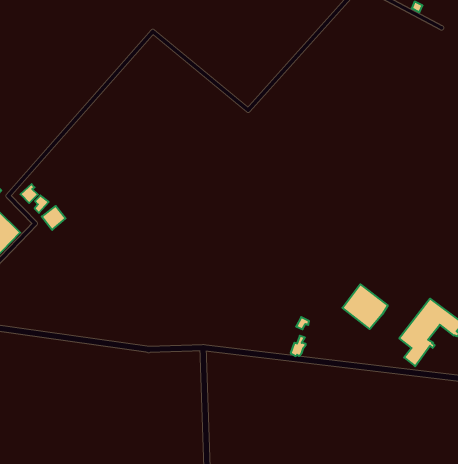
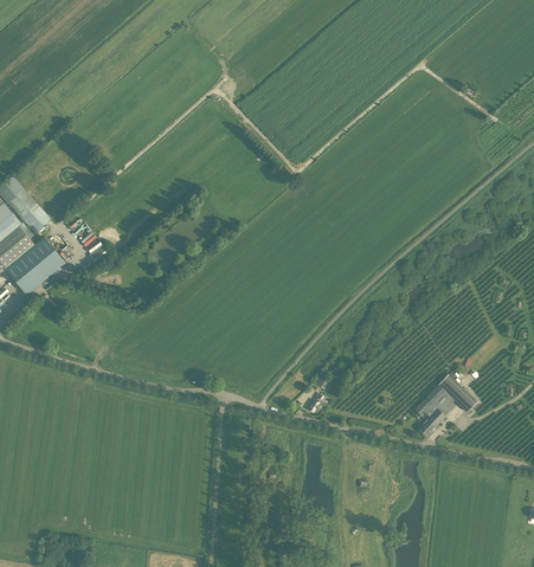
building: [342,284,388,329] -> none

